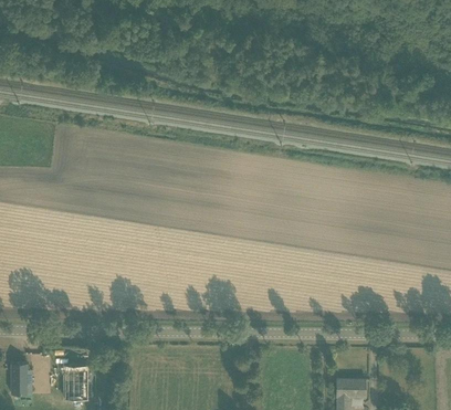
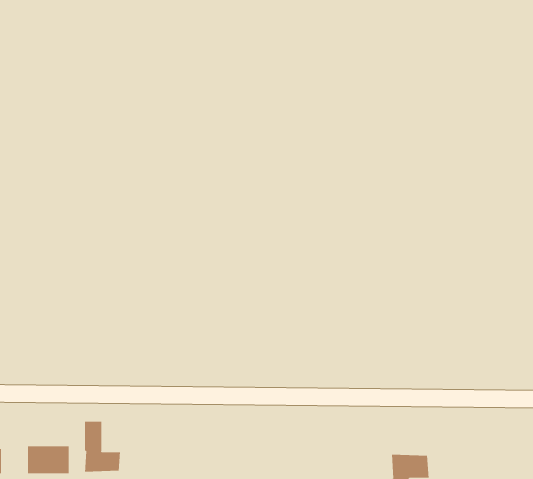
building: none -> [84,421,120,472]

